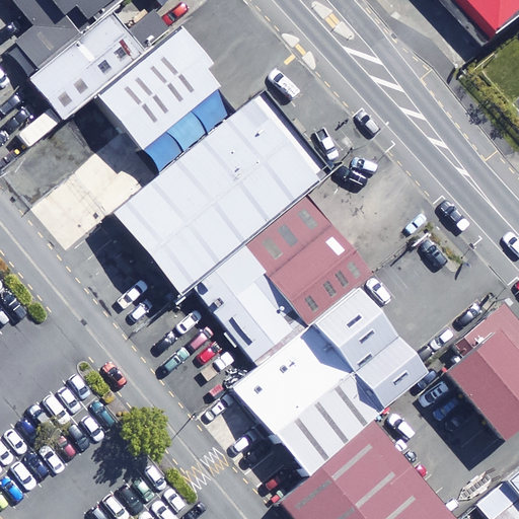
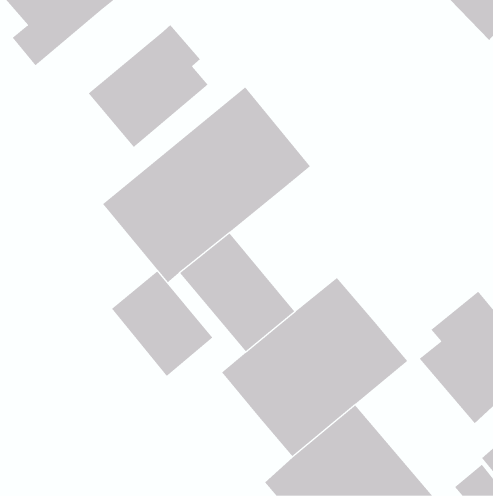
building: [29,9,174,123] -> none
building: [244,192,374,324] -> none
building: none -> [111,270,213,377]

